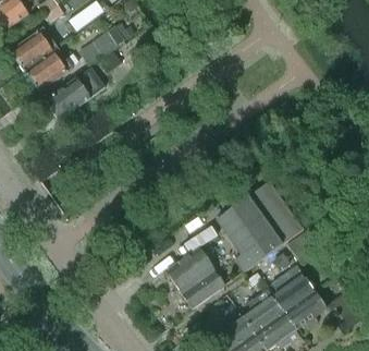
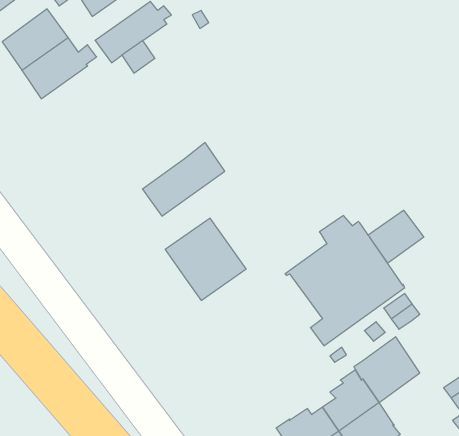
building: [46,68,106,121] -> [142,143,225,216]
building: none -> [368,210,424,263]
building: [167,249,225,308] -> [165,218,246,300]
building: [285,292,327,330] -> none

